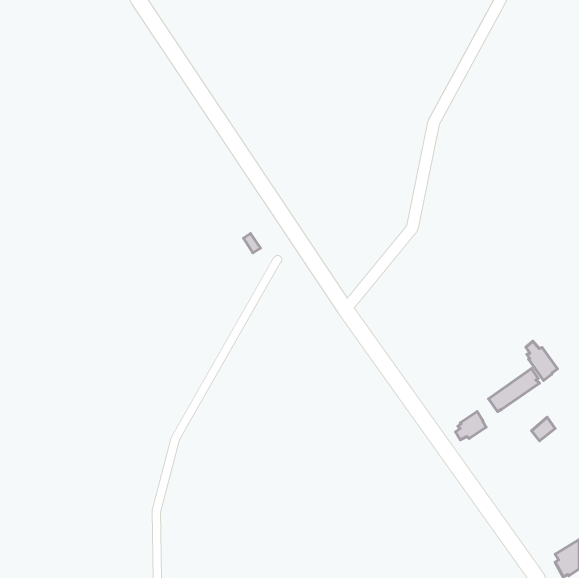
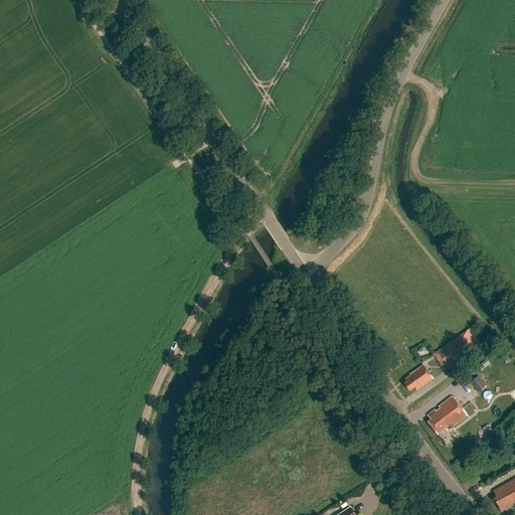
building: [526,341,557,381] -> none
building: none -> [426,397,466,435]

